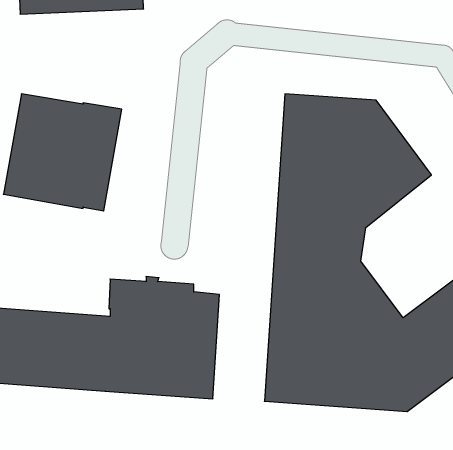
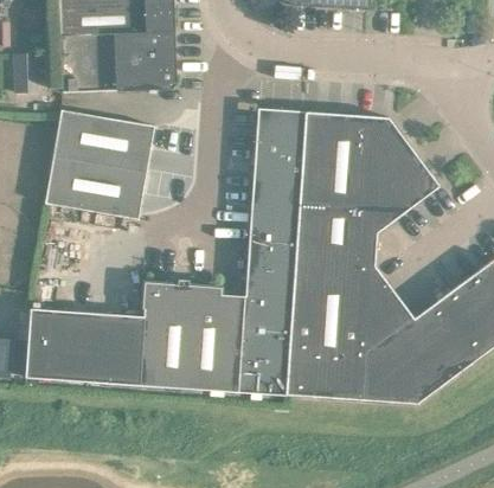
building: none -> [60,33,175,92]
building: none -> [238,108,304,394]

